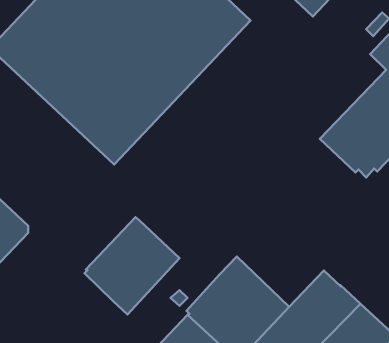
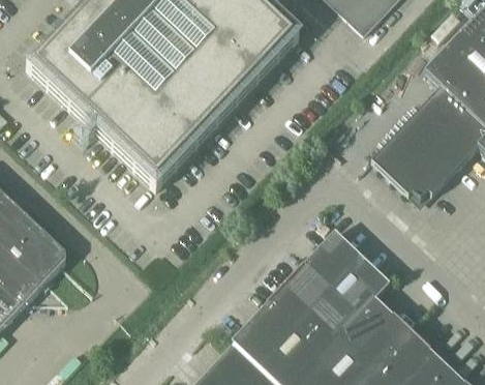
building: none -> [284,231,390,336]
building: [84,217,179,314] -> none

